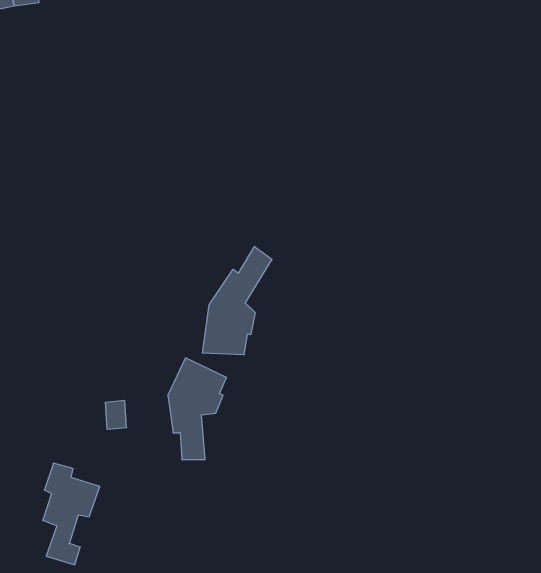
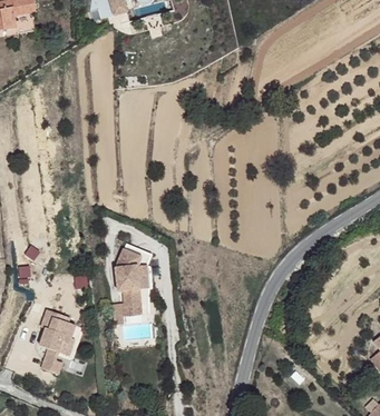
building: [202,247,272,355] -> none

